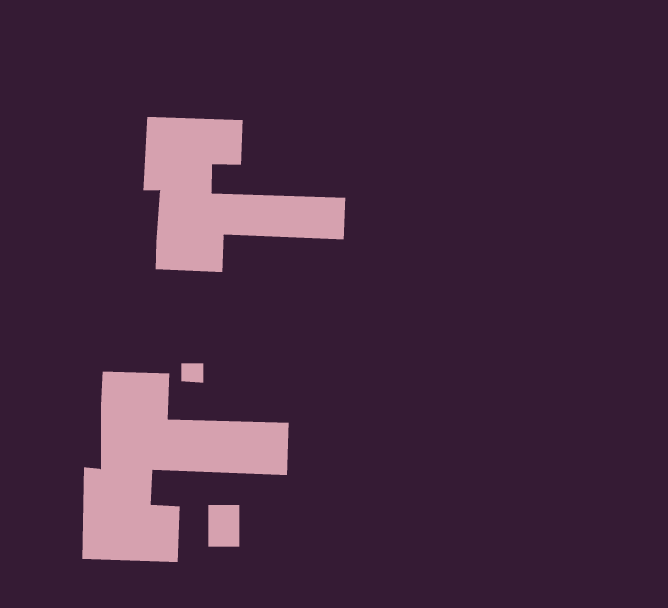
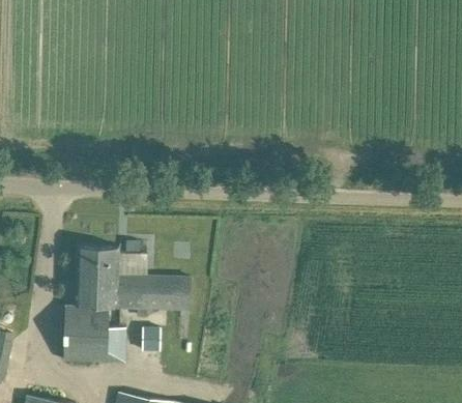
building: [143,116,346,273] -> none

